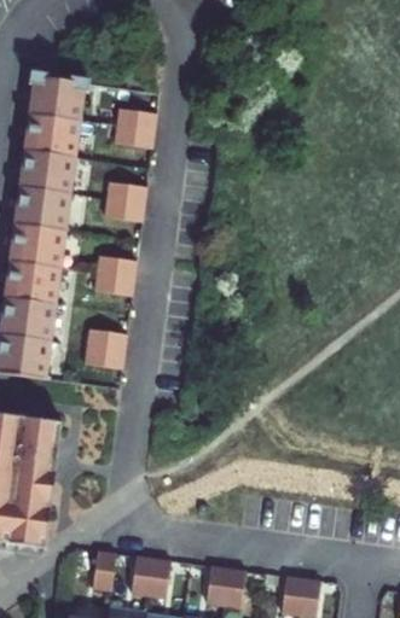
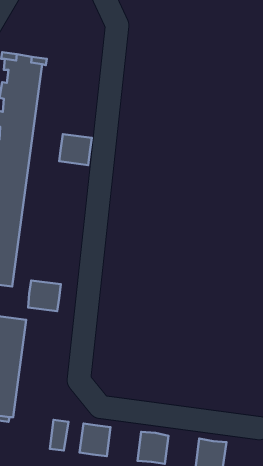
building: [114,109,156,147] -> none
building: [94,255,137,295] -> none
building: [85,328,127,368] -> [28,280,61,311]

